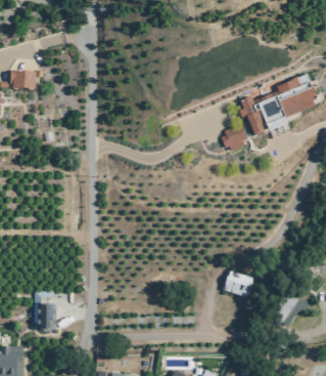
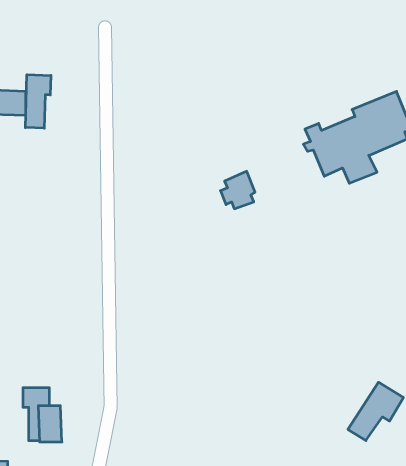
building: none -> [25,75,51,128]
building: [222,124,247,152] -> [220,171,255,209]
building: [223,269,254,298] -> none

